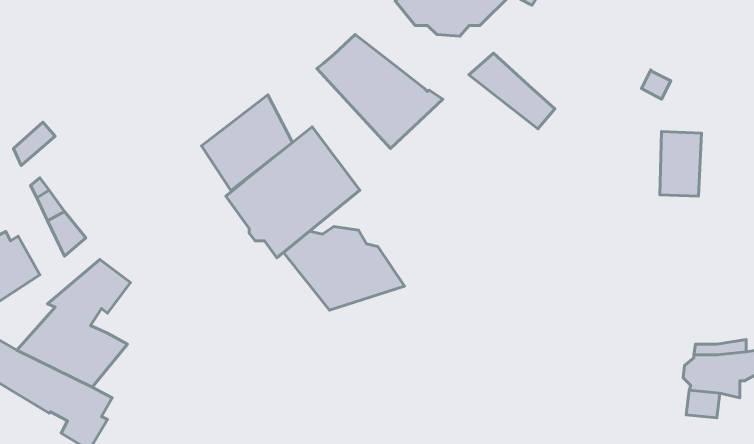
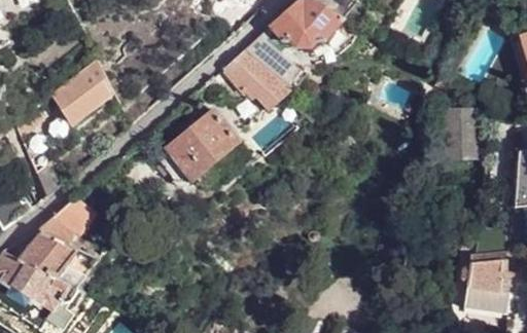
building: [469,53,555,129] -> [242,34,300,84]
building: [202,95,292,190] -> [52,61,113,124]
building: [284,226,405,310] -> none

